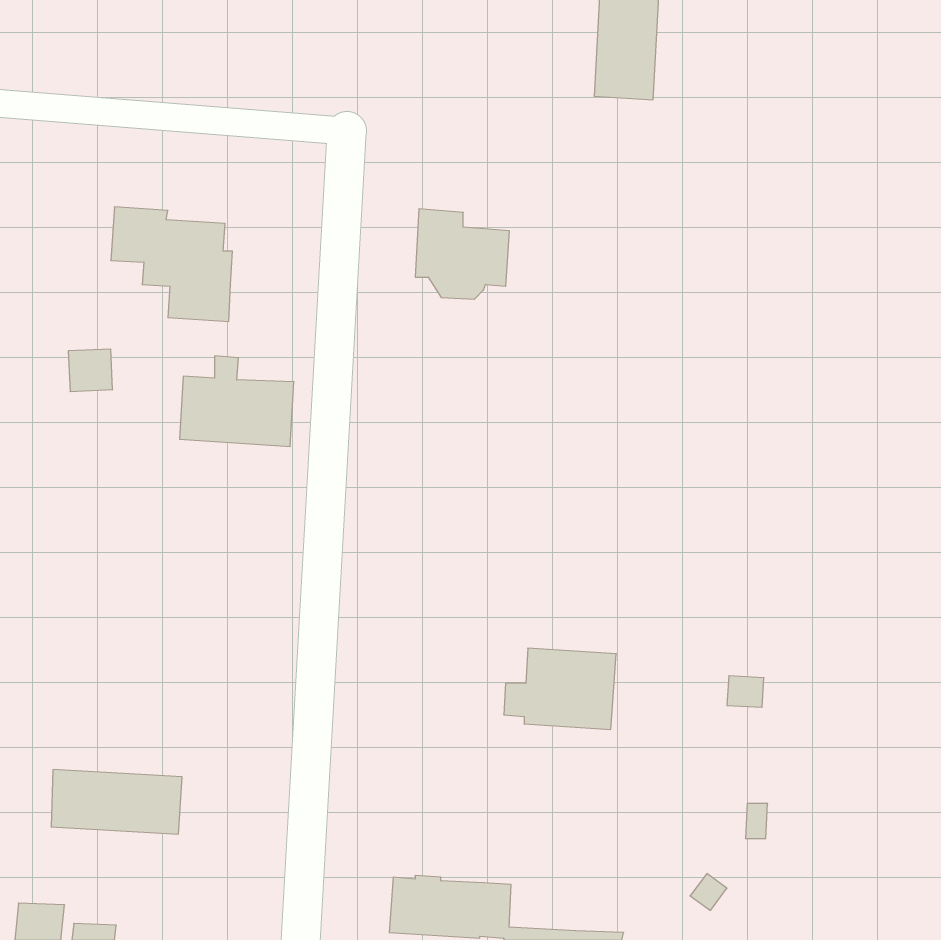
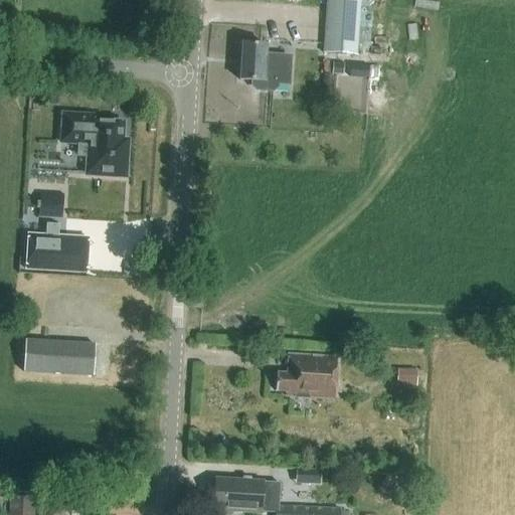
building: [415,209,509,299] -> [241,42,293,92]
building: [180,356,294,446] -> [26,222,89,272]
building: [51,770,182,834] -> [24,339,96,374]

